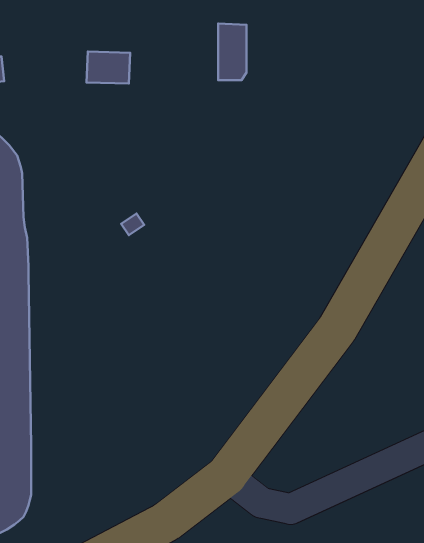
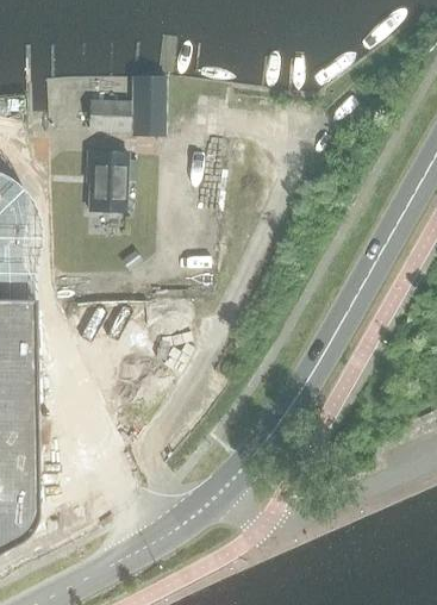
building: [218,24,247,80] -> [135,76,161,129]
building: none -> [87,149,136,210]

